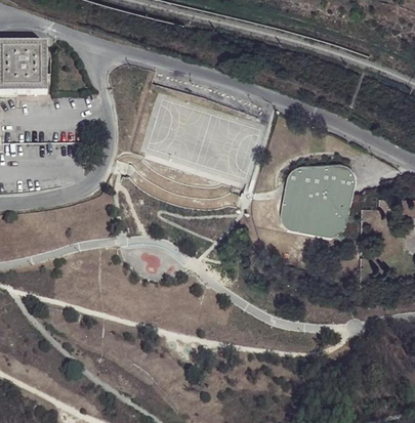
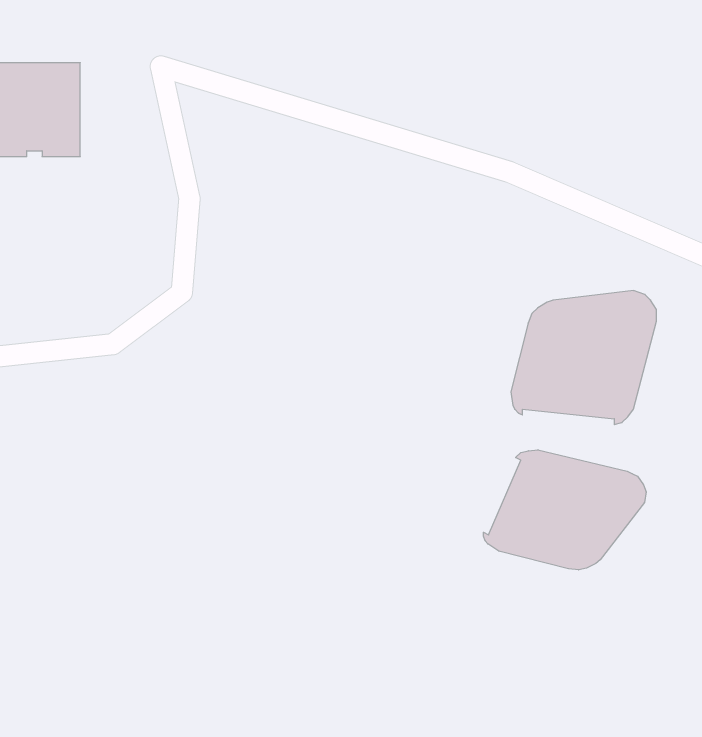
building: none -> [483,450,646,570]

